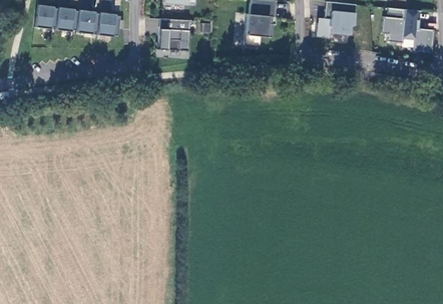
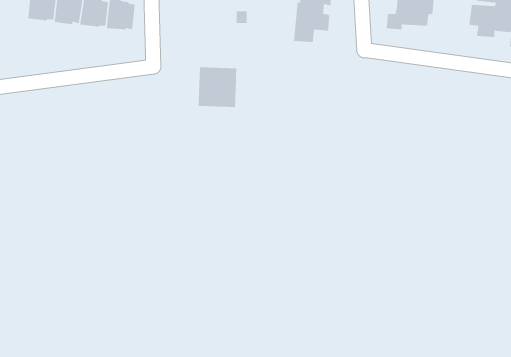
building: [158,18,189,50] -> [198,67,237,107]

